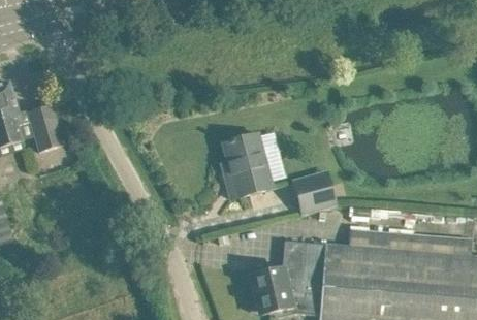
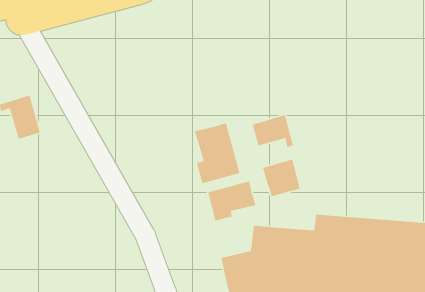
building: none -> [252,114,294,148]
building: none -> [207,180,256,222]

